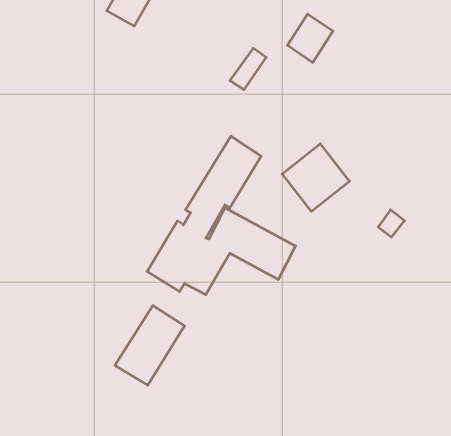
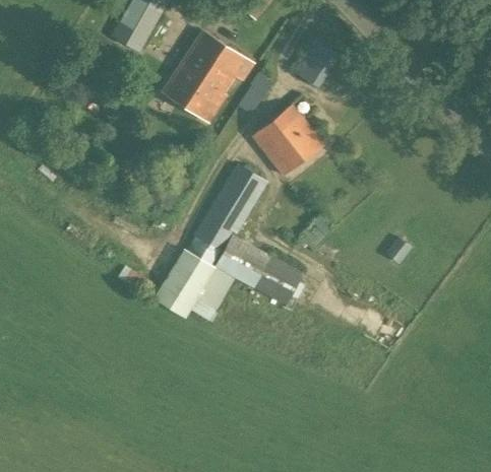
building: none -> [164,31,253,120]
building: [282,144,350,211] -> [253,106,321,174]
building: [115,306,185,385] -> none

